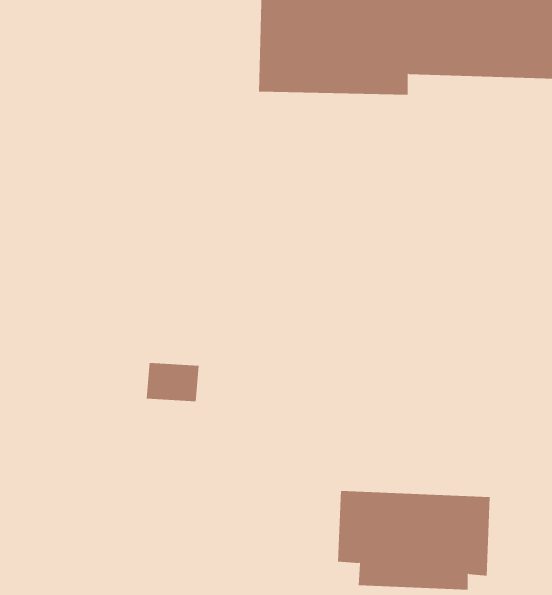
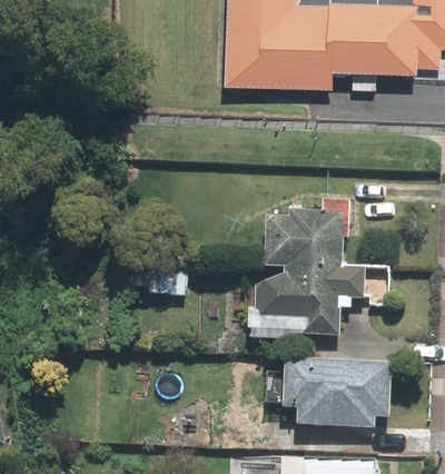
building: none -> [249,209,363,339]

